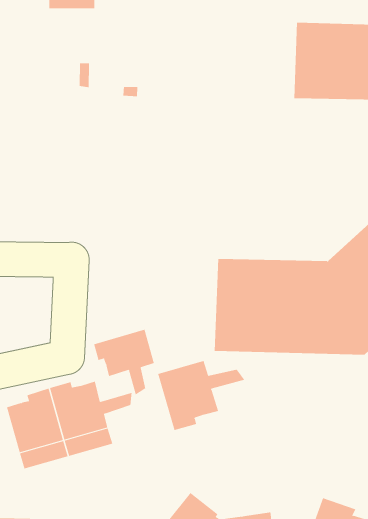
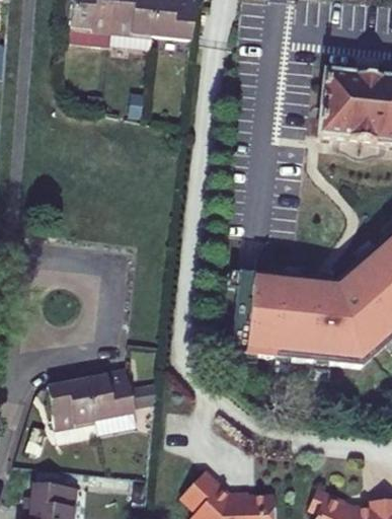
building: [93,329,155,396] -> none
building: [157,360,245,431] -> none

